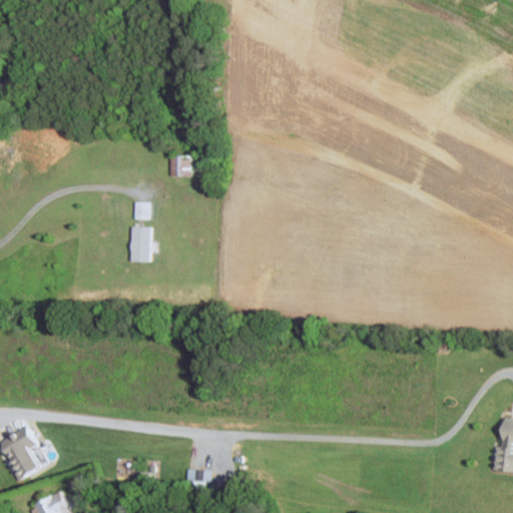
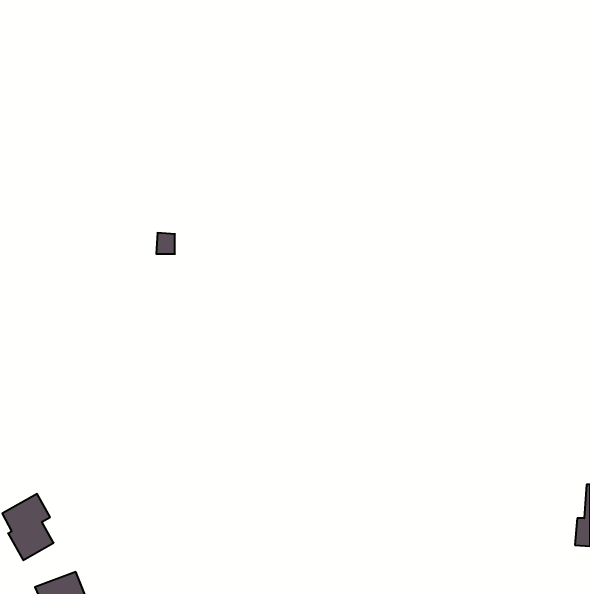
building: [168,155,191,176] -> none
building: [131,226,150,262] -> none

